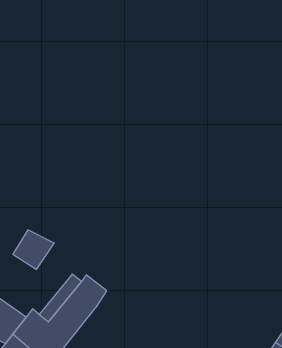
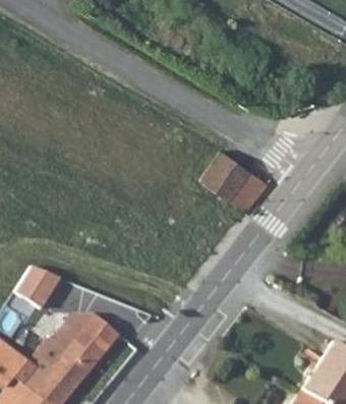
building: none -> [200,153,270,215]

